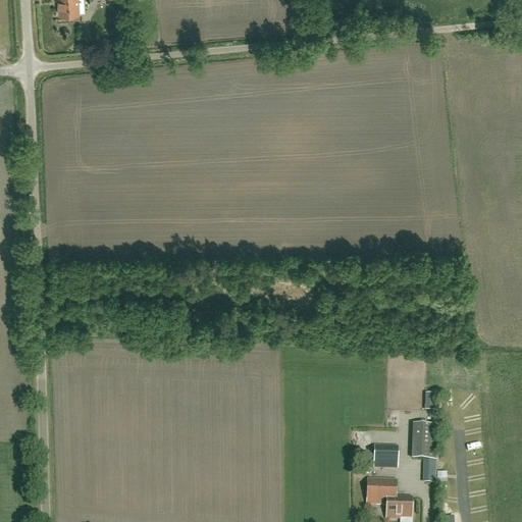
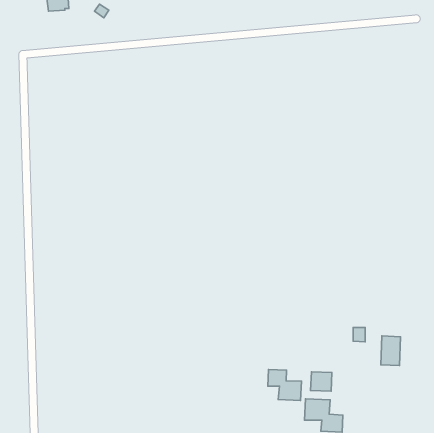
building: [412,424,435,460] -> [381,336,400,366]
building: none -> [268,369,302,401]

